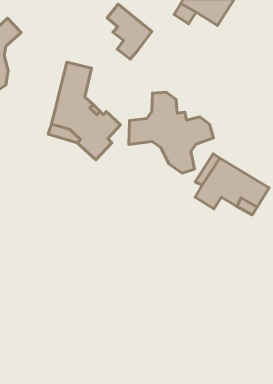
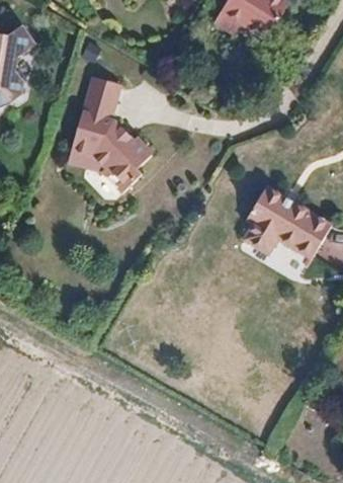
building: [107,4,152,59] -> none
building: [129,92,214,173] -> none

